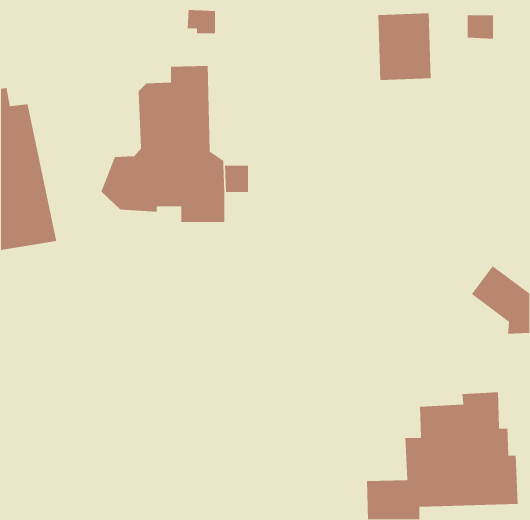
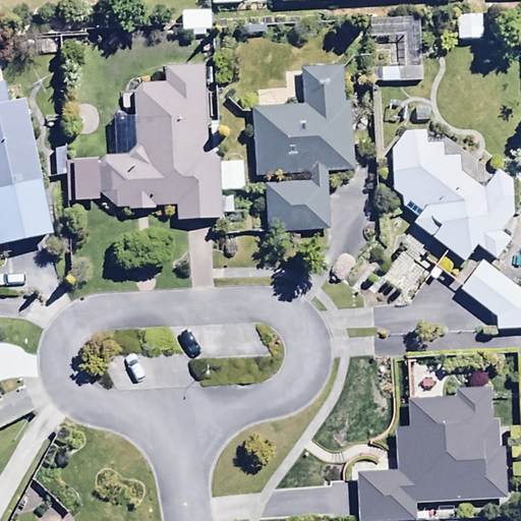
building: none -> [252,64,353,231]
building: none -> [394,130,515,263]

